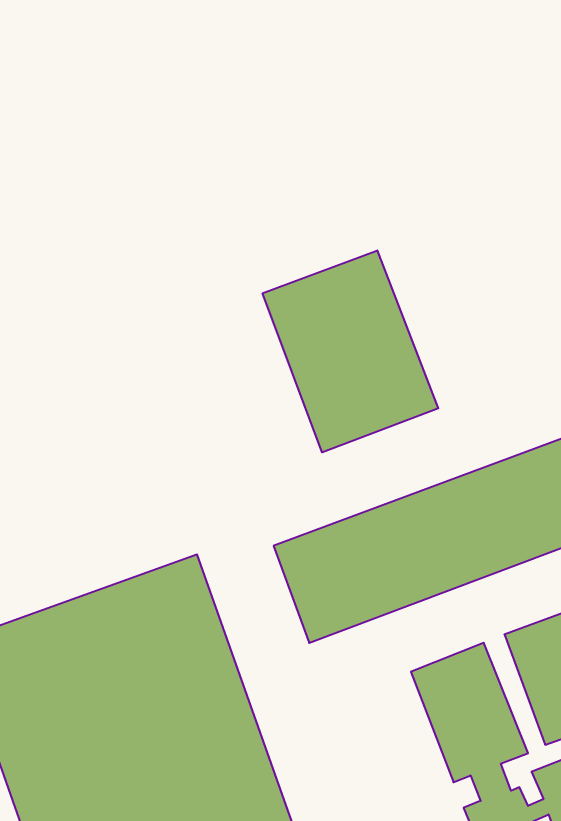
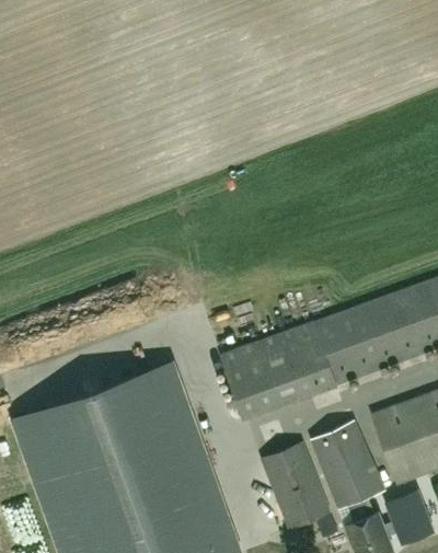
building: [263,250,438,452] -> none
building: none -> [262,442,330,528]

